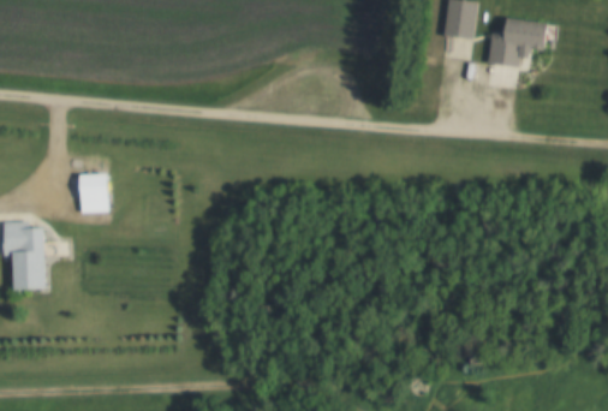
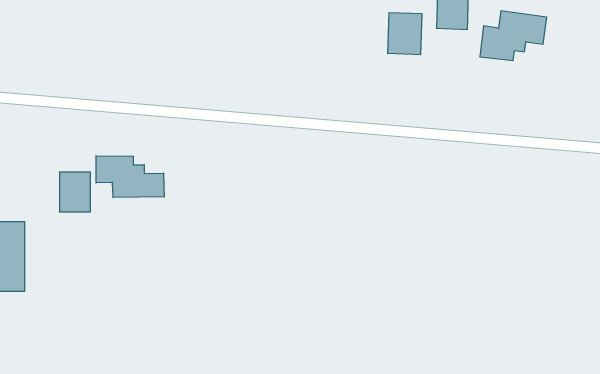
building: none -> [388,13,422,55]
building: none -> [96,156,164,198]

